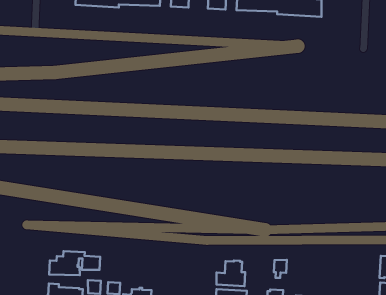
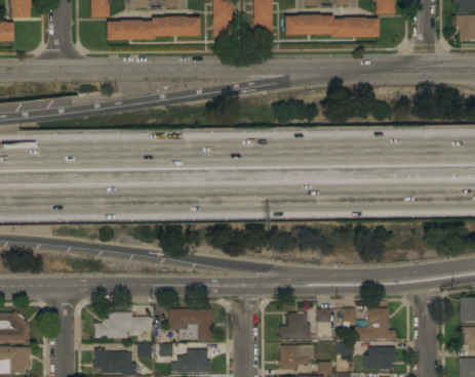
building: none -> [169,309,212,340]
building: none -> [317,308,331,336]
building: none -> [355,307,395,340]

